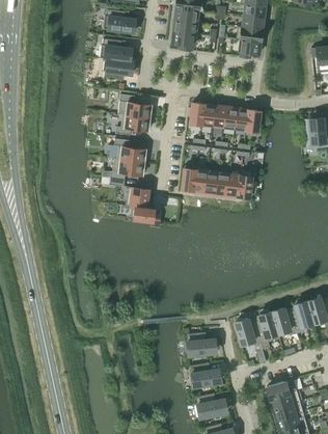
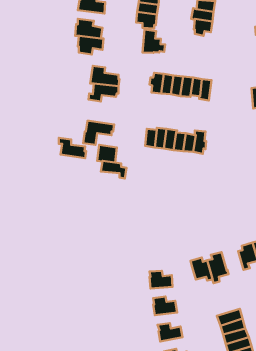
building: none -> [142,30,165,53]
building: [114,139,146,163] -> [59,138,86,158]
building: [271,308,297,335] -> none

